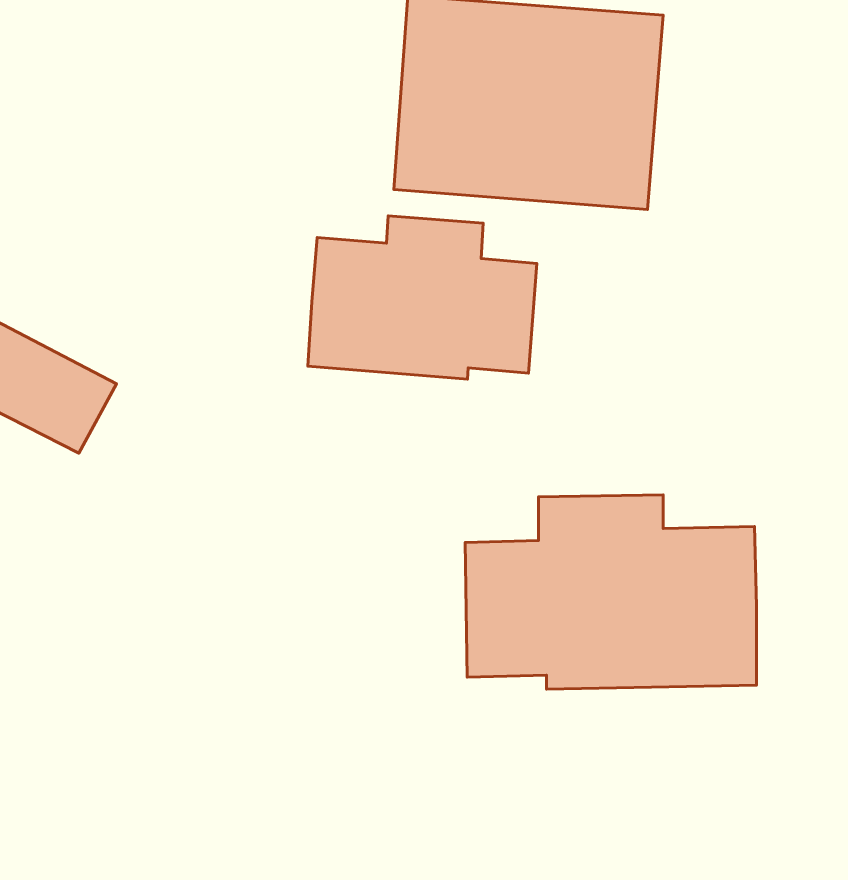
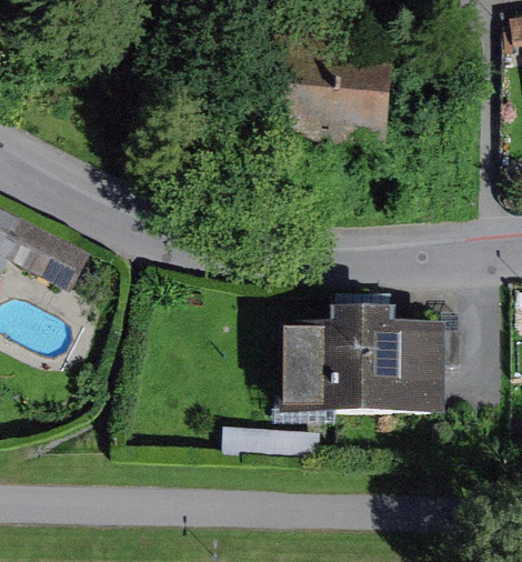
building: [308,216,537,379] -> none

